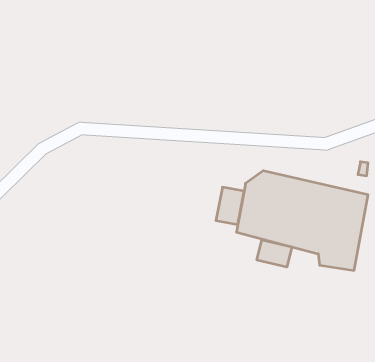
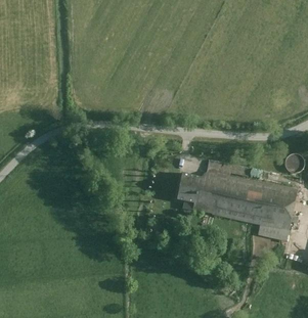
building: [257,240,292,267] -> none

